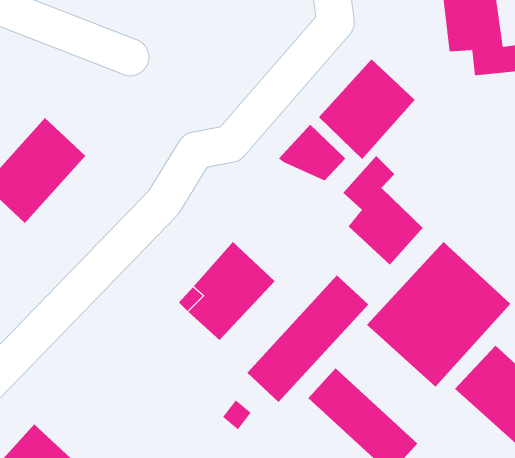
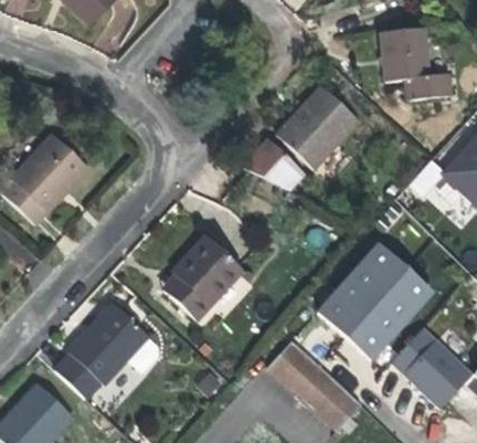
building: [342,155,424,266] -> none
building: [246,275,369,403] -> none
building: none -> [56,305,150,402]

